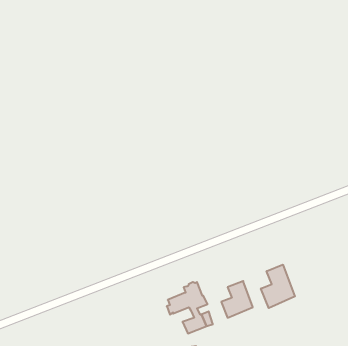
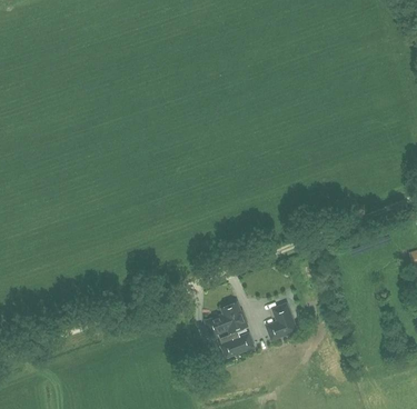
building: [261,265,295,308] -> none

